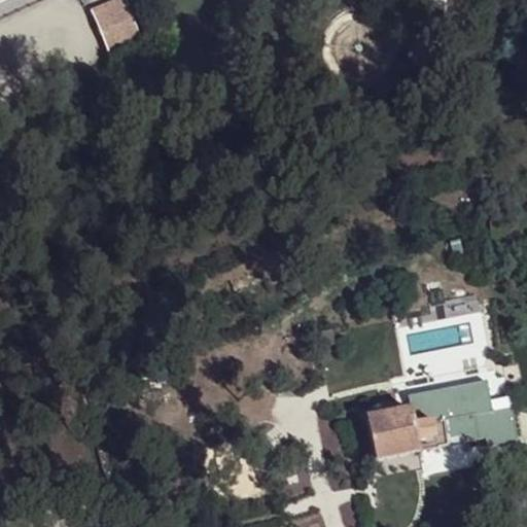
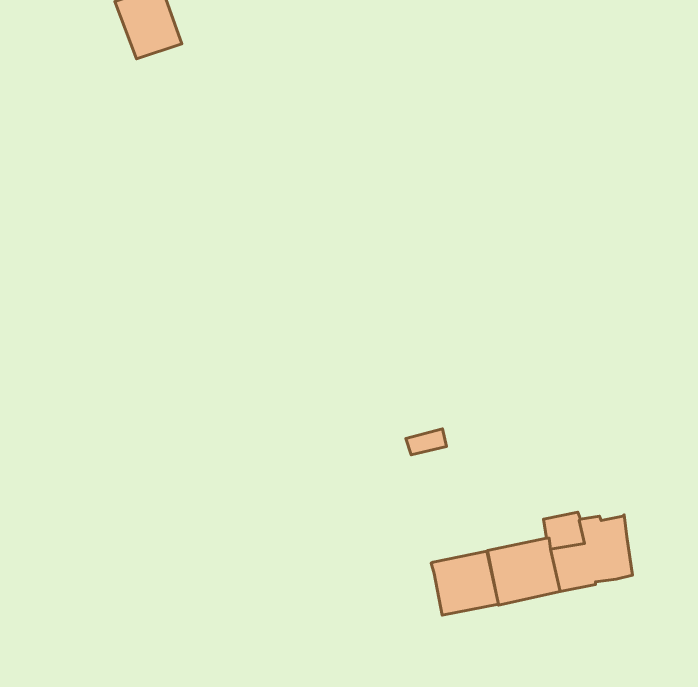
building: [470,385,515,433] -> none
building: none -> [431,551,498,615]

